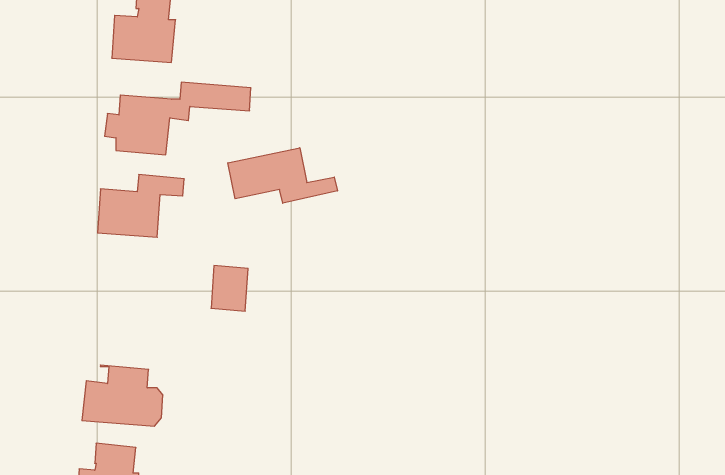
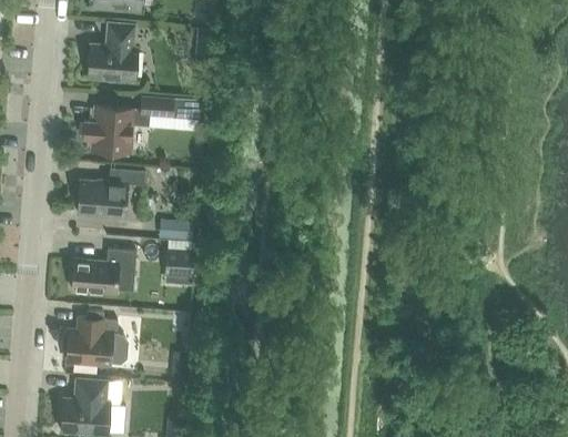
building: [228,148,337,203] -> none
building: none -> [159,218,193,240]
building: none -> [71,248,135,294]

